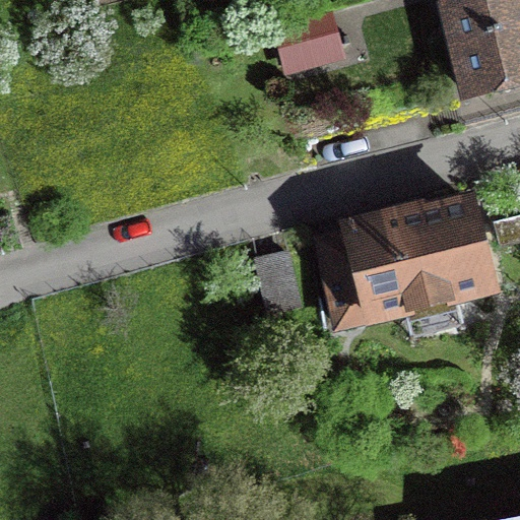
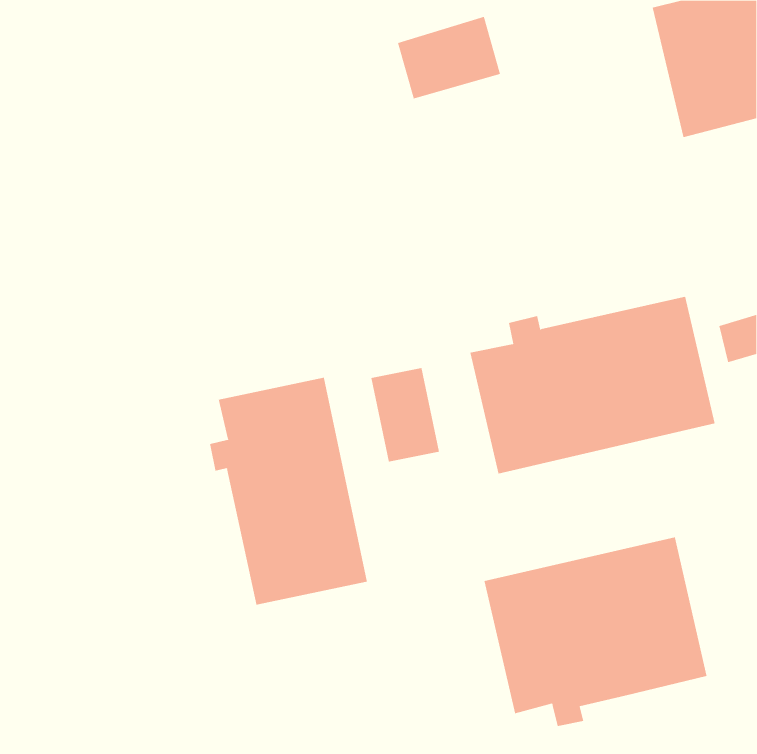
building: none -> [210,377,367,605]
building: none -> [484,536,707,727]

